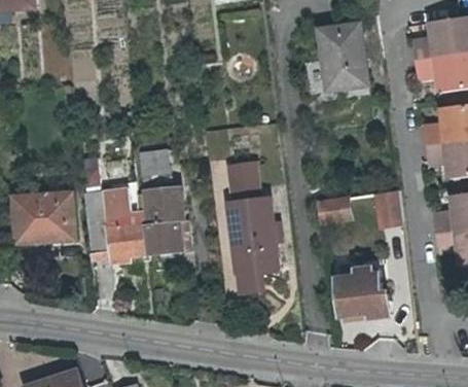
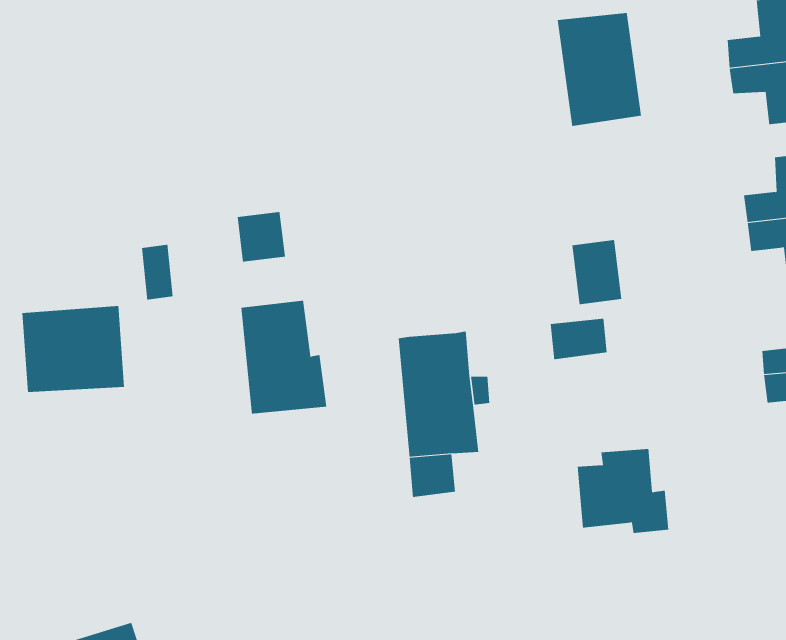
building: [230,173,261,209] -> none
building: [374,191,403,228] -> [571,240,622,305]
building: [80,192,145,255] -> none

